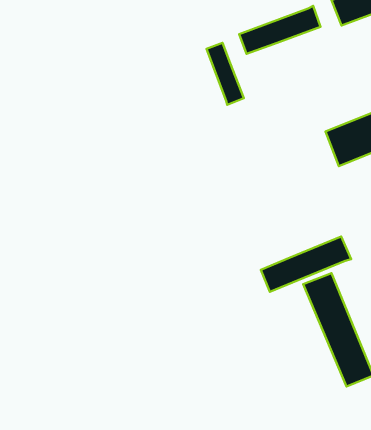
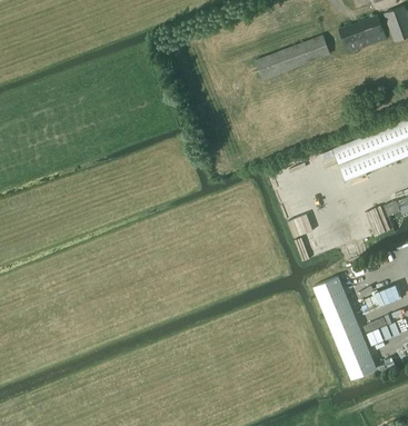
building: [207,43,244,105] -> none
building: [261,236,351,292] -> none

